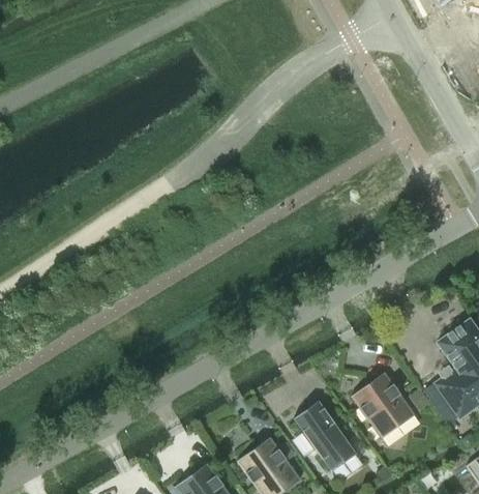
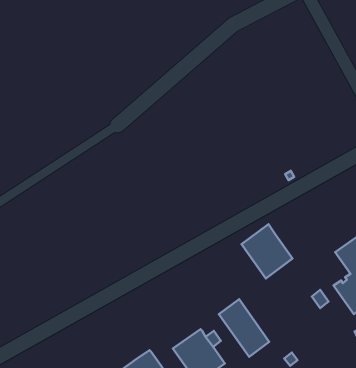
building: [351,373,414,440] -> [242,224,293,279]

